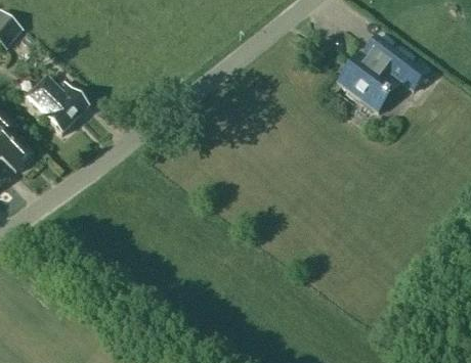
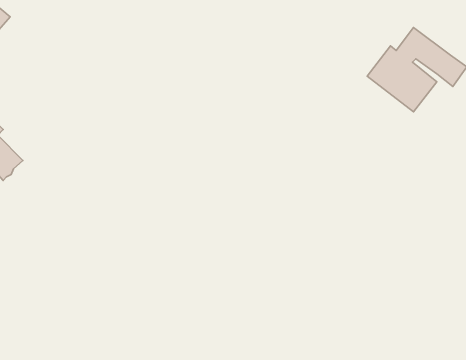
building: [25,76,88,134] -> none

